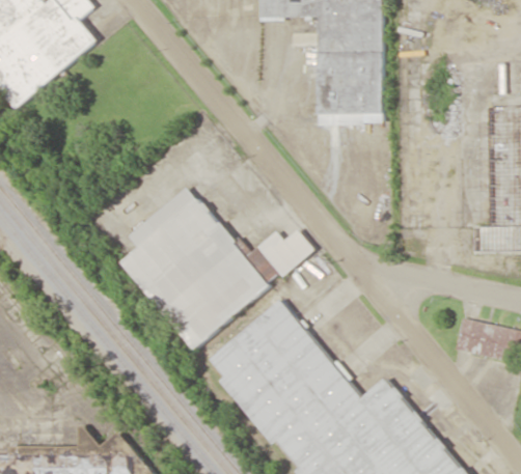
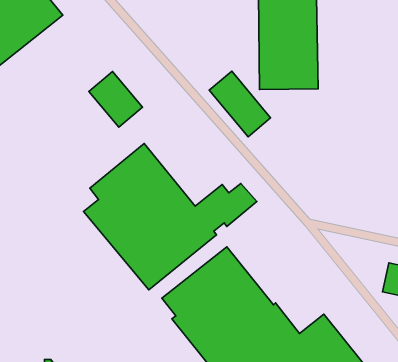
building: none -> [209,71,271,137]
building: none -> [89,71,143,127]

